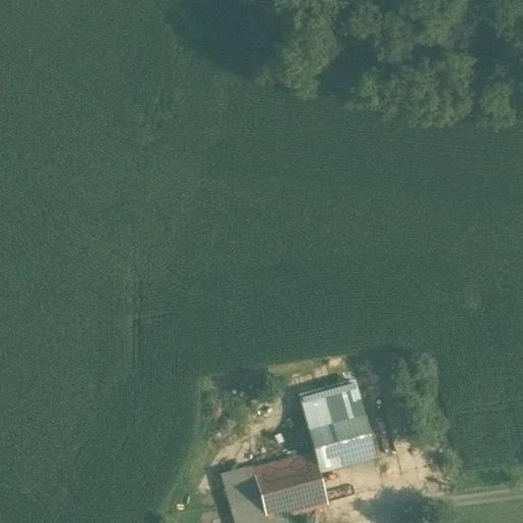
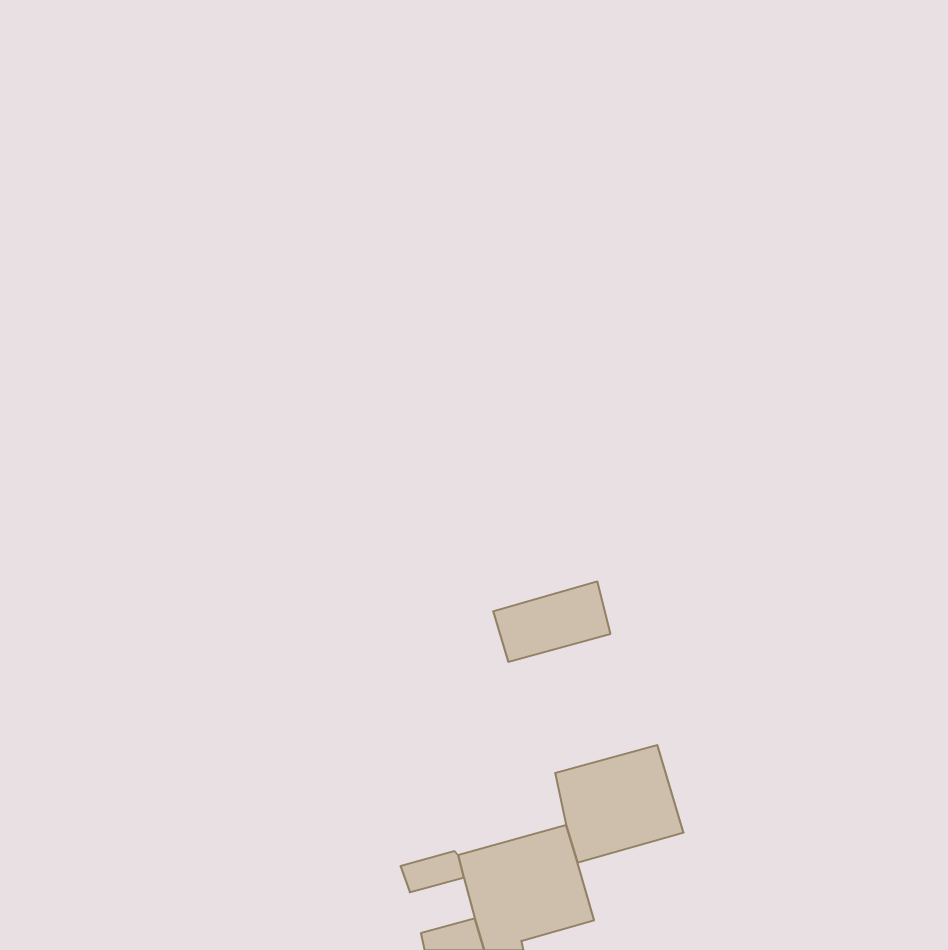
building: [298,380,363,424] -> [493,582,610,662]
building: [227,481,263,512] -> none

